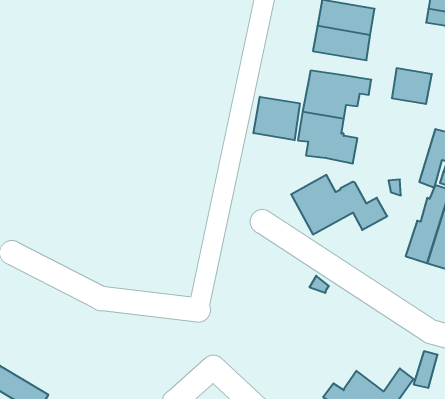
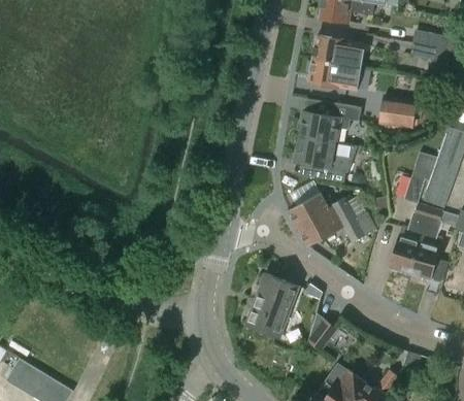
building: [253,97,300,140] -> none
building: none -> [246,274,300,338]
building: none -> [309,315,337,352]

